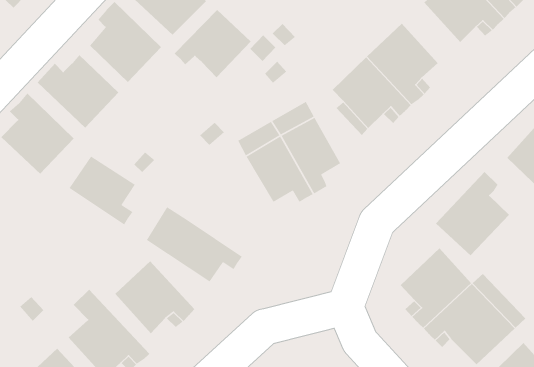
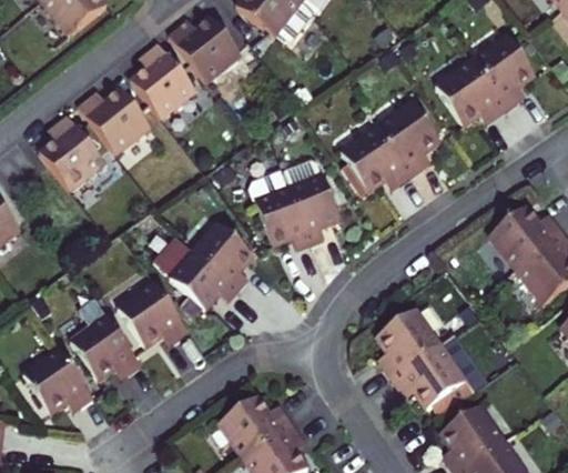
building: [174,9,252,78] -> none
building: [69,156,136,226] -> [193,223,254,291]
building: [435,171,510,256] -> none

